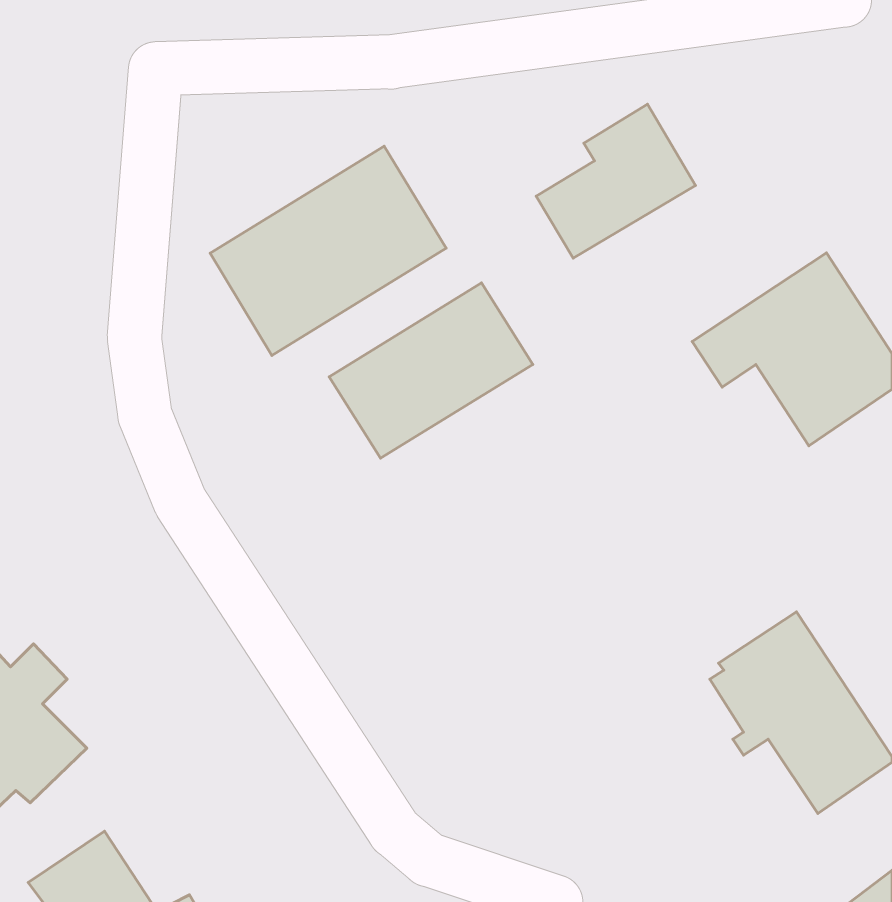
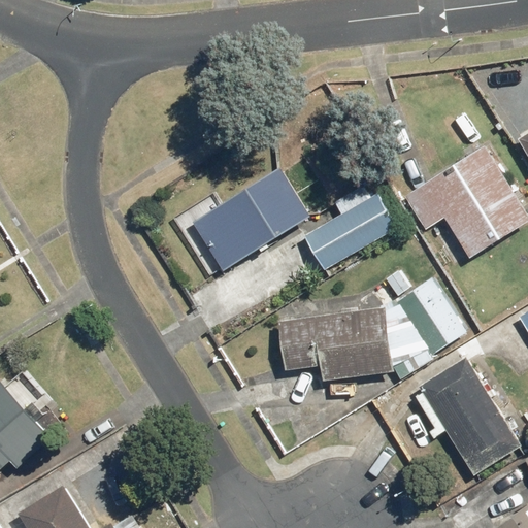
building: [536,104,695,258] -> [302,179,395,269]
building: [210,146,446,355] -> none
building: none -> [278,271,465,383]

